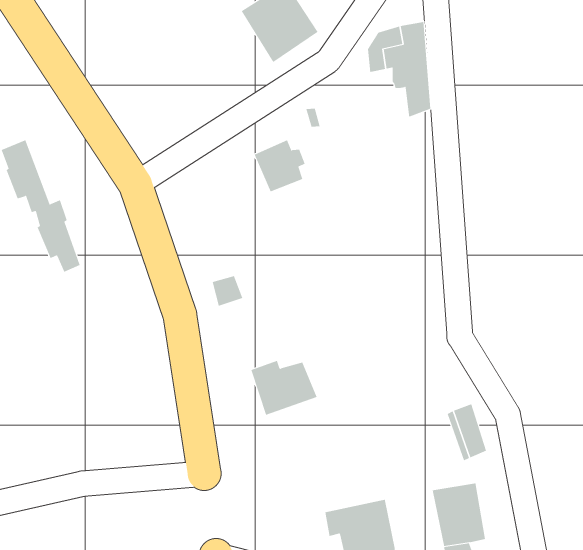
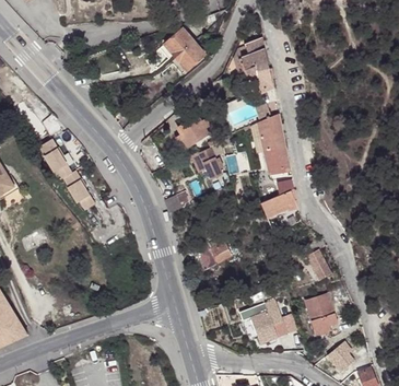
building: none -> [258,114,291,173]
building: none -> [189,147,223,179]
building: none -> [263,188,297,219]

